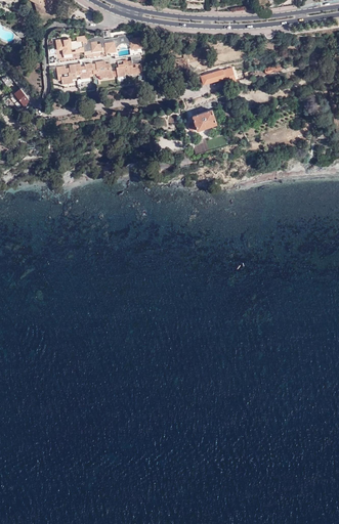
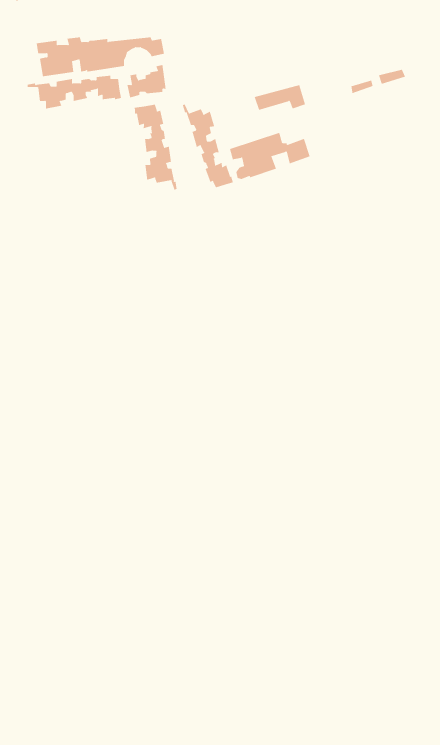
building: none -> [182,103,234,188]
building: none -> [134,104,177,191]

